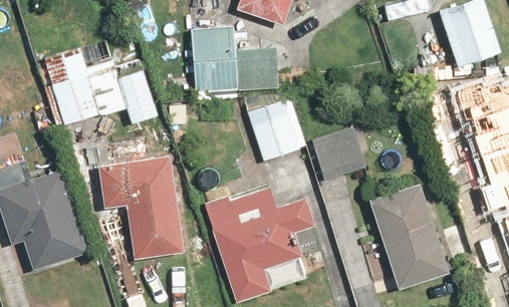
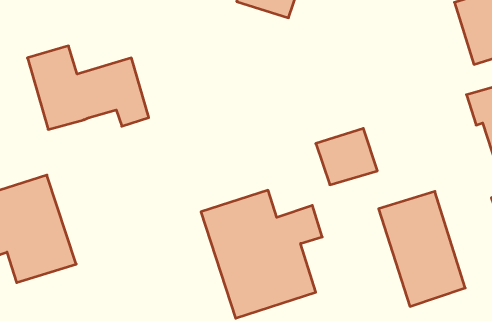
building: [166,27,277,100] -> none
building: [245,99,303,163] -> none
building: [98,155,185,259] -> none

